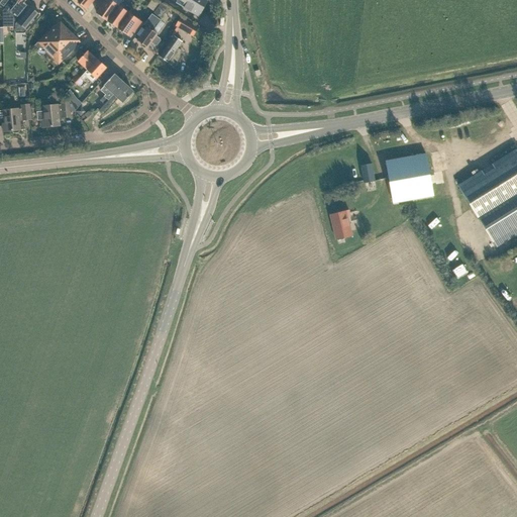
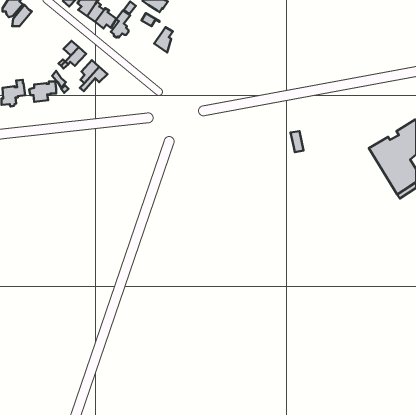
building: [32,19,81,63] -> none
building: [160,35,183,67] -> [154,27,173,53]
building: [386,153,432,202] -> none
building: [330,209,351,238] -> none

